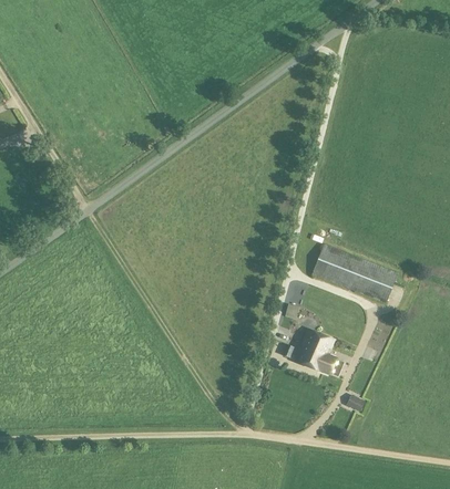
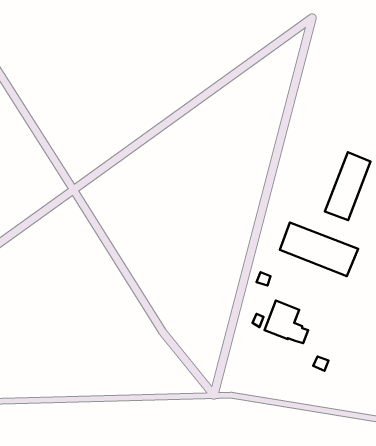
building: none -> [325,152,370,220]

